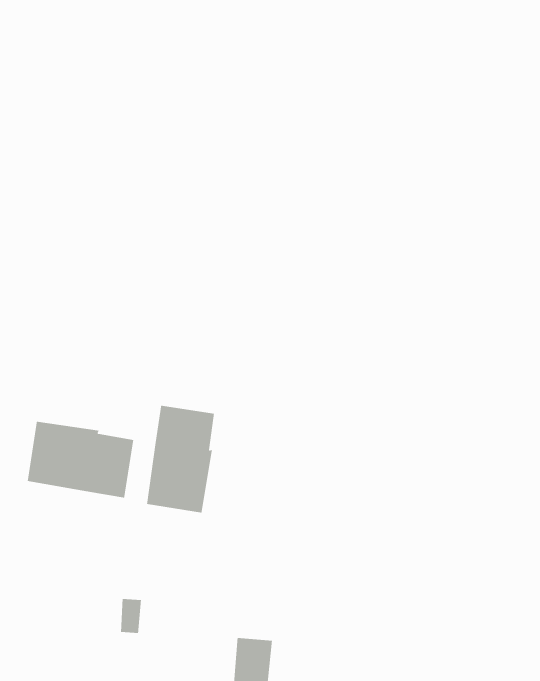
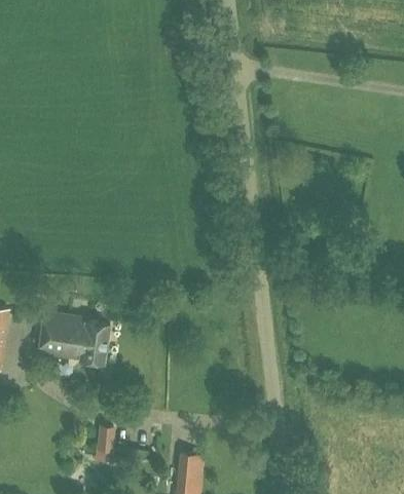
building: [146,405,215,514] -> none

